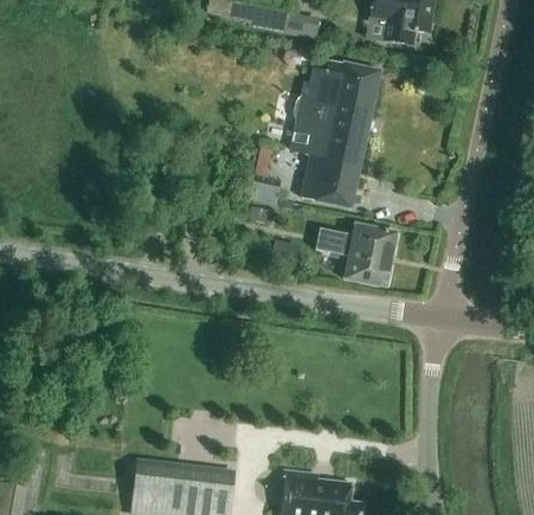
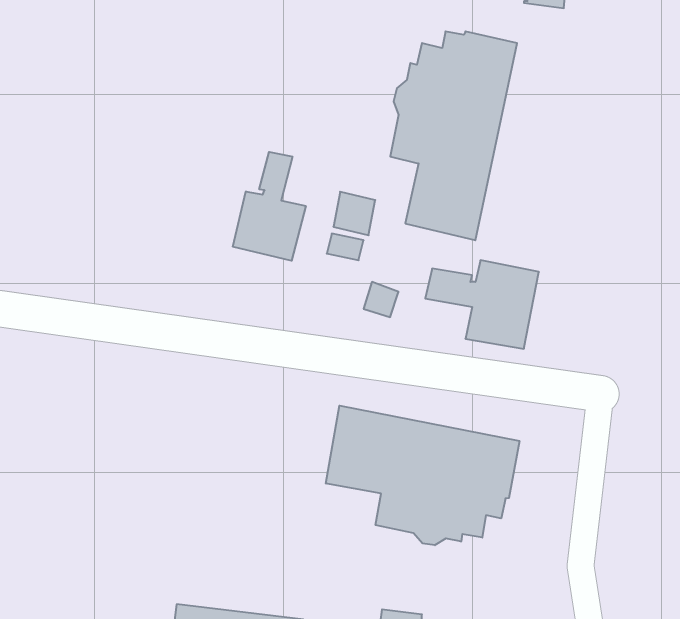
building: none -> [233,152,306,261]
building: none -> [326,406,519,545]

